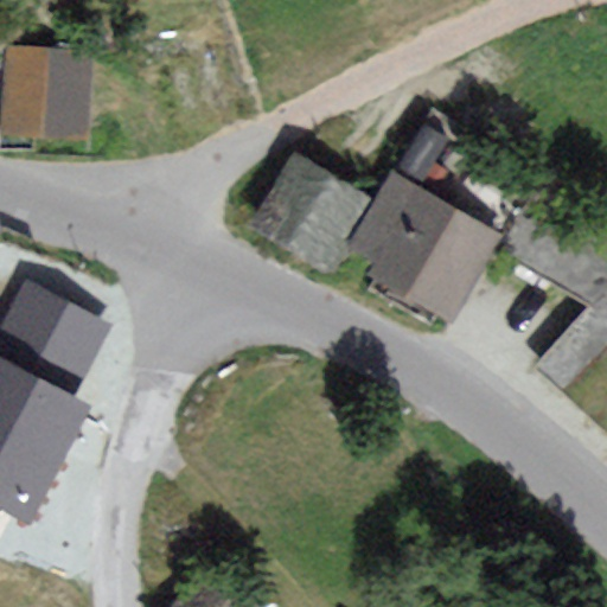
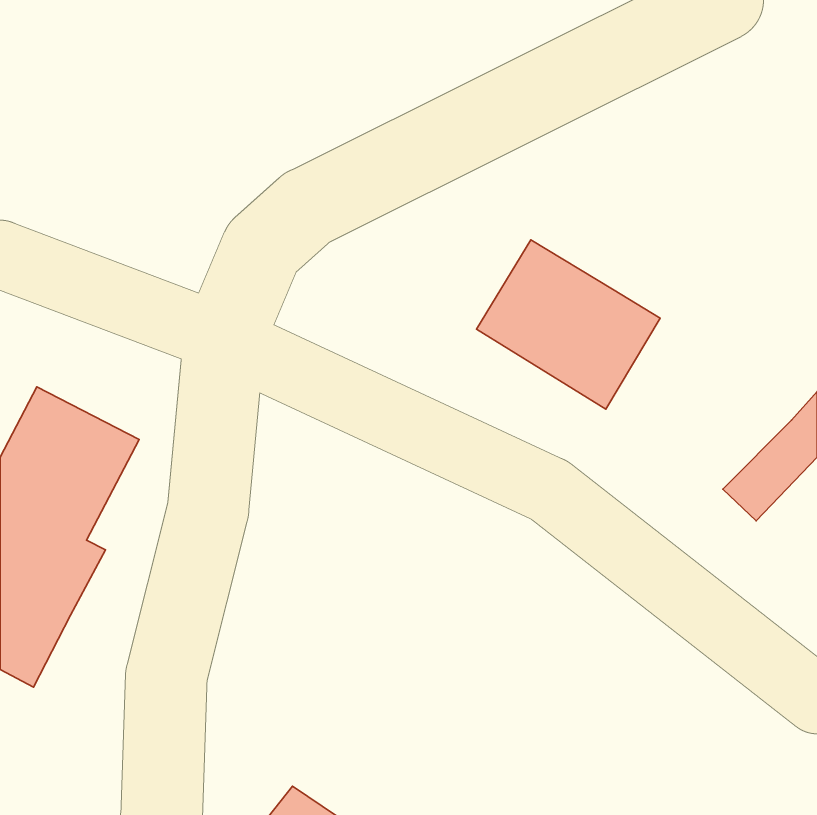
building: [13,52,88,135] -> none
building: [262,161,365,261] -> none

